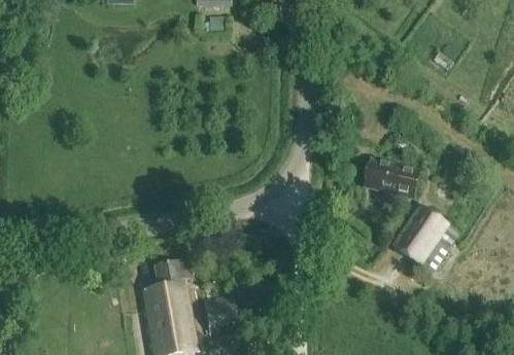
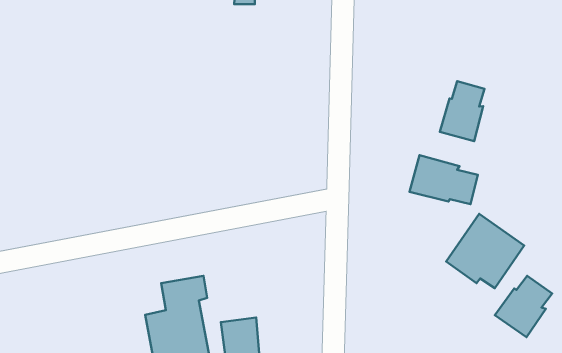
building: none -> [440,81,485,141]
building: none -> [495,276,552,337]

